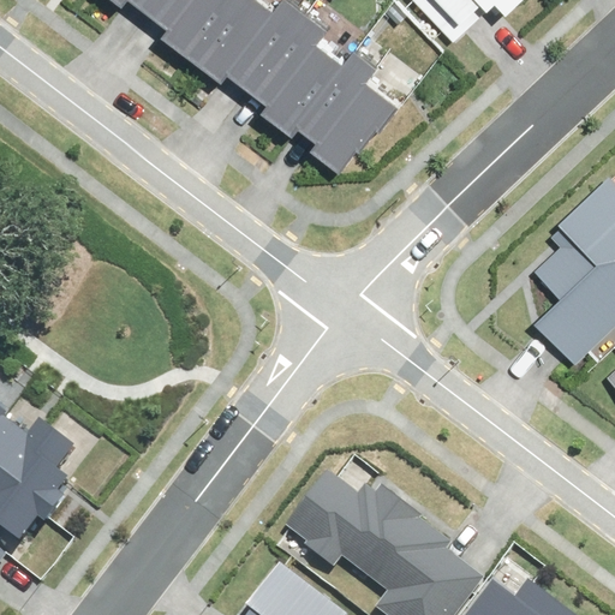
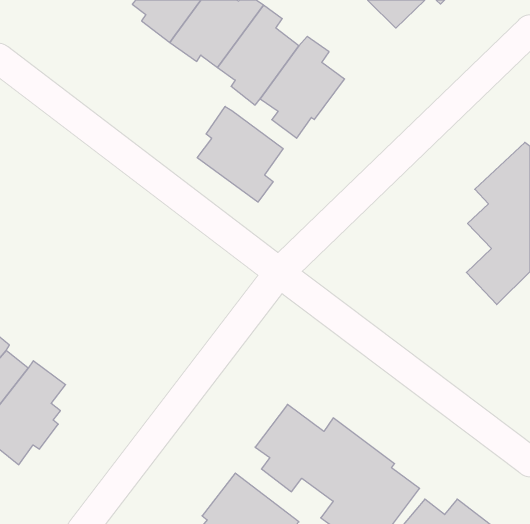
building: none -> [197,106,283,202]

